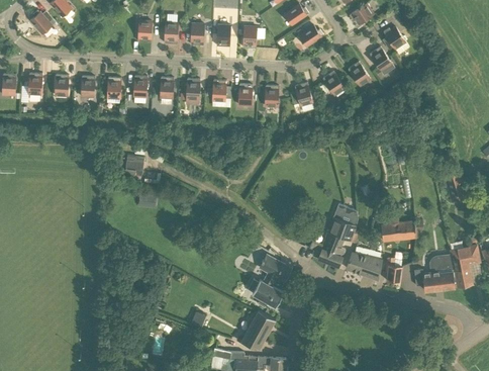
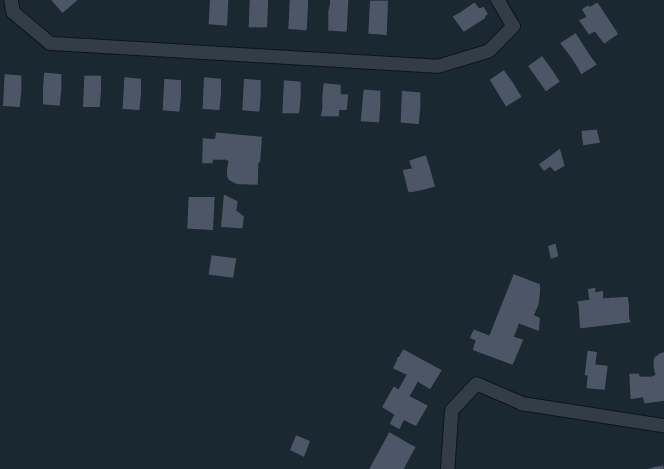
building: [290,82,312,107] -> [402,154,436,193]
building: none -> [202,132,262,186]
building: [346,247,380,280] -> none

